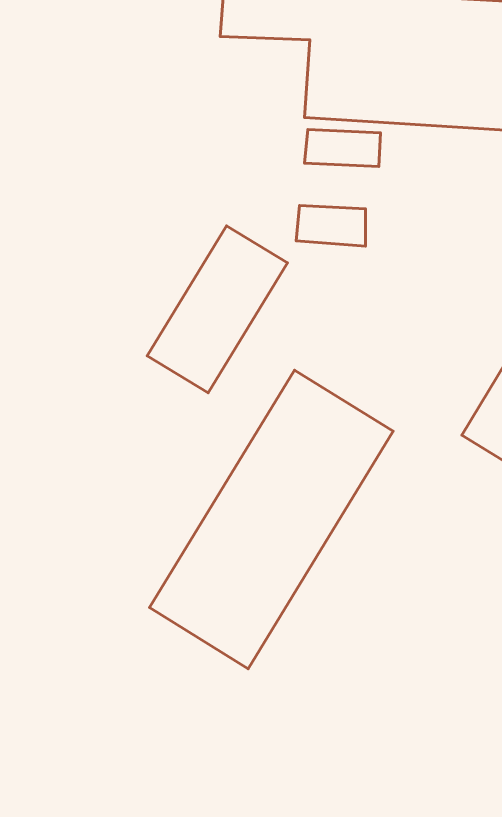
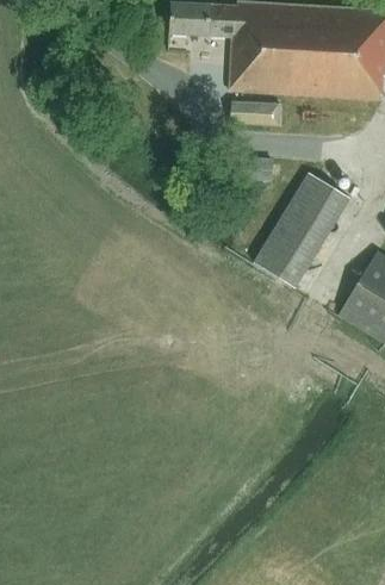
building: [147,226,287,393] -> [249,170,348,288]
building: [149,370,393,669] -> none

